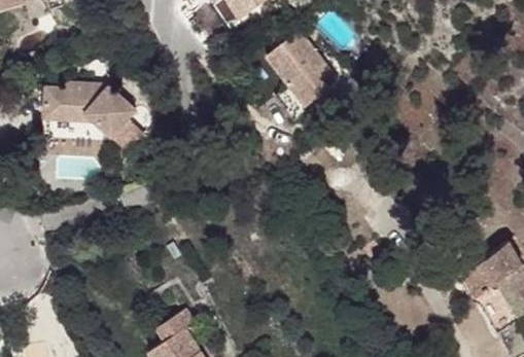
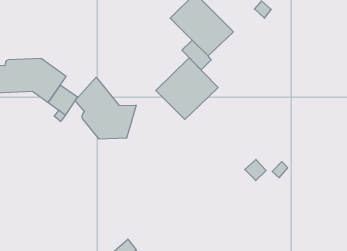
building: none -> [156,58,218,119]
building: none -> [75,77,136,139]

